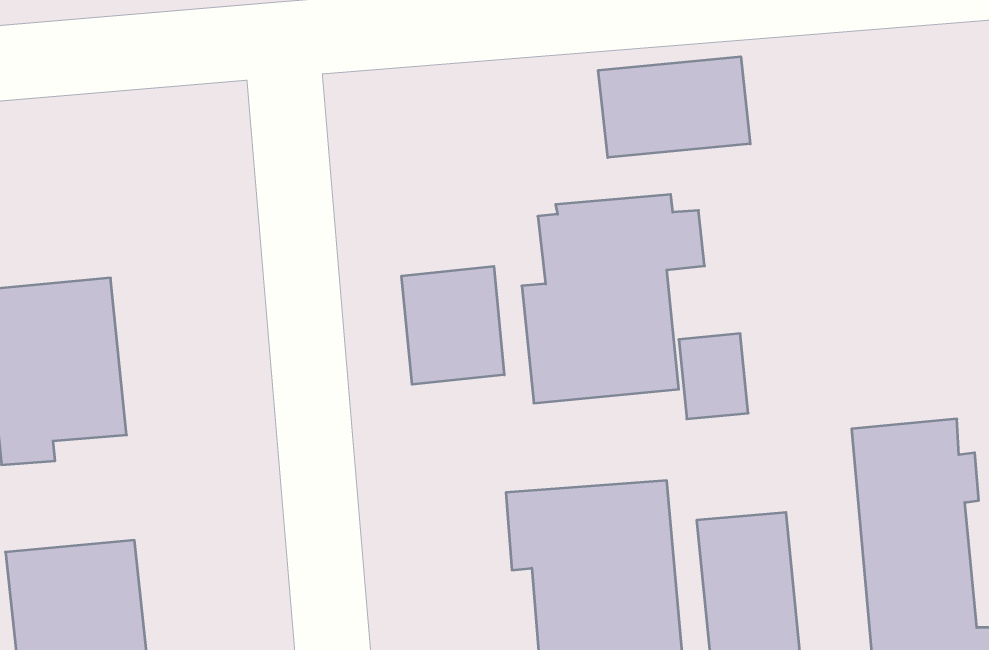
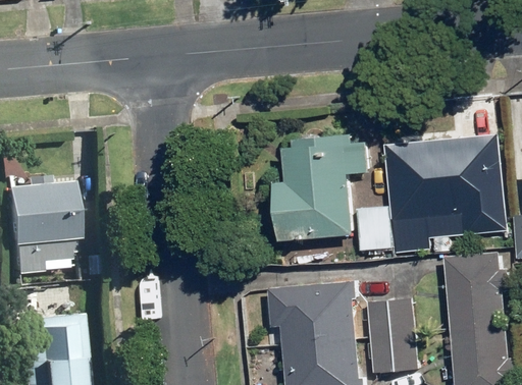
building: [598,57,750,158] -> none
building: none -> [384,134,508,235]
building: [402,266,504,384] -> none

